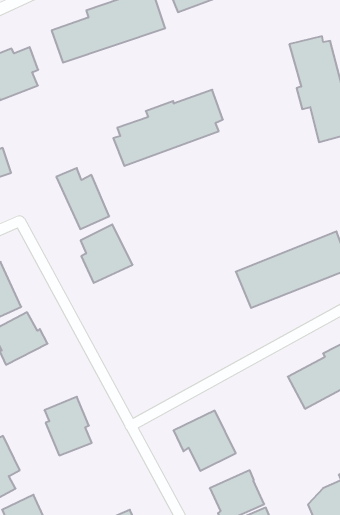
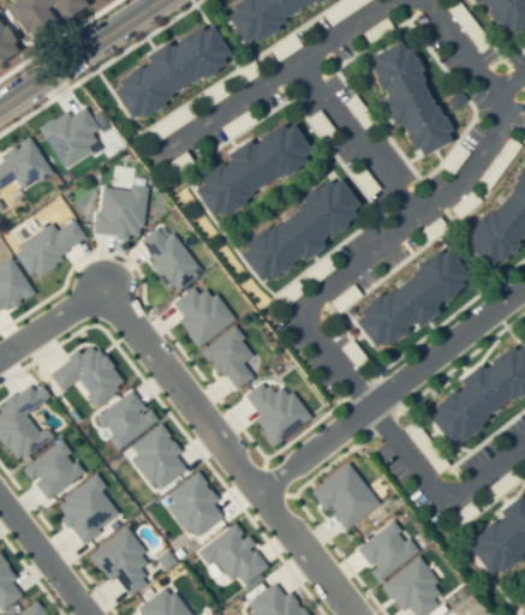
building: none -> [96,185,151,240]
building: none -> [238,179,360,281]
building: none -> [203,326,256,393]
building: none -> [245,382,311,447]
building: none -> [132,424,187,492]
building: none -> [199,525,269,585]

